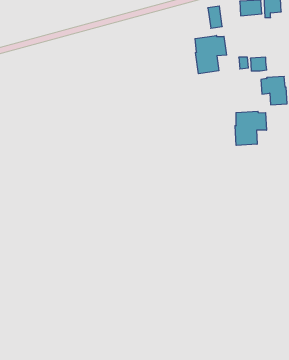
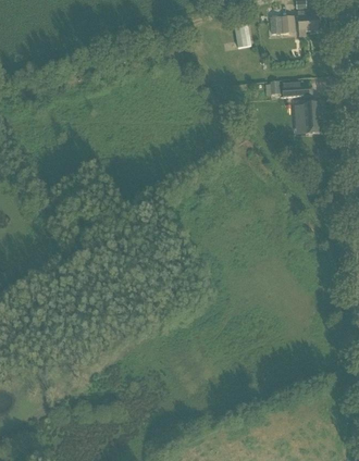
building: [195,35,227,74] -> none
building: [235,111,266,145] -> none

